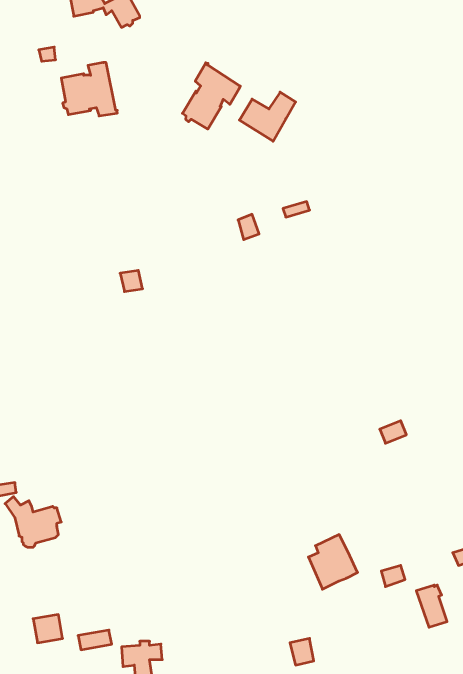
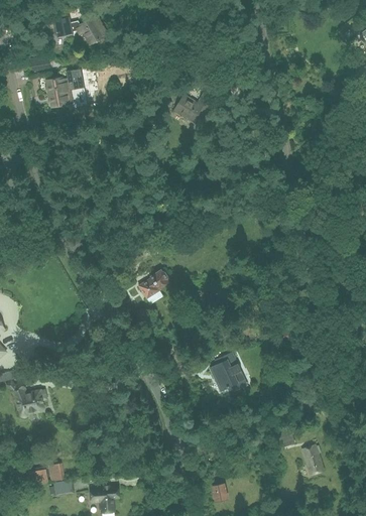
building: [182,63,240,129] -> none
building: none -> [138,270,168,298]
building: [308,535,358,589] -> [210,352,245,391]

